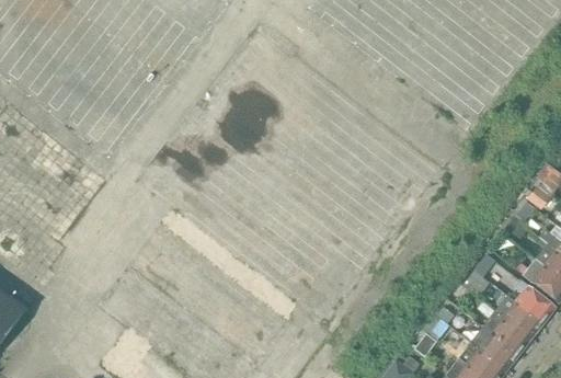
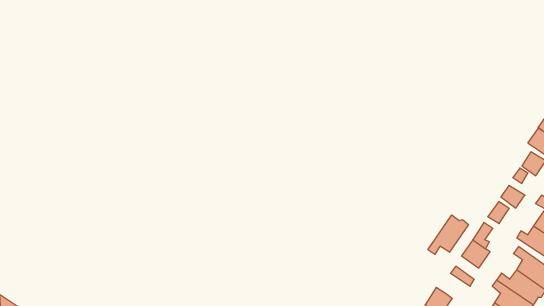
building: none -> [428,215,468,254]

